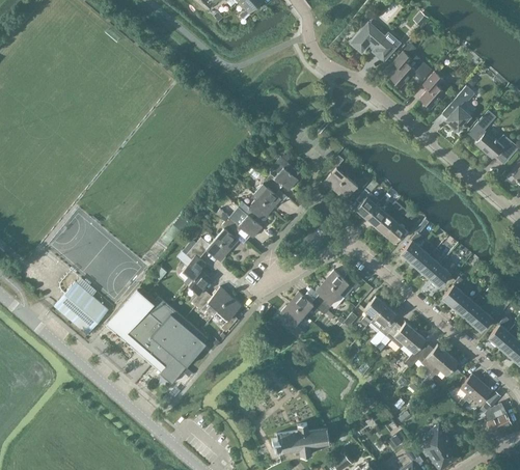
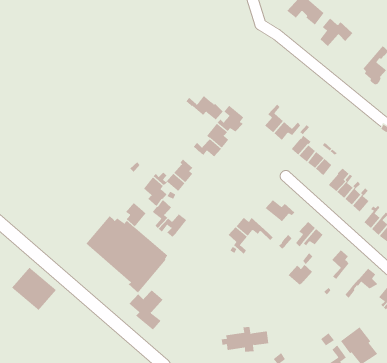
building: [419,73,445,109] -> none
building: [217,208,263,238] -> [186,95,224,120]
building: none -> [125,202,147,227]
building: [55,281,110,334] -> [11,267,57,311]
building: [308,281,346,310] -> none
building: [219,296,242,332] -> none
building: [386,322,416,348] -> [288,264,313,286]
building: [418,344,448,377] -> none
building: none -> [128,290,163,330]

